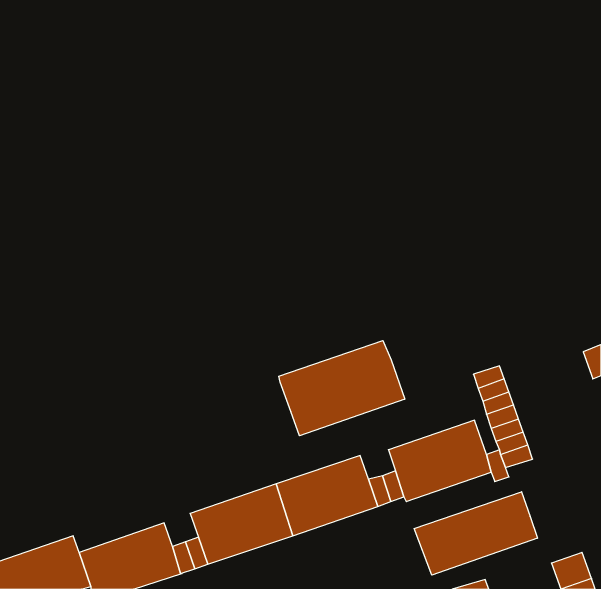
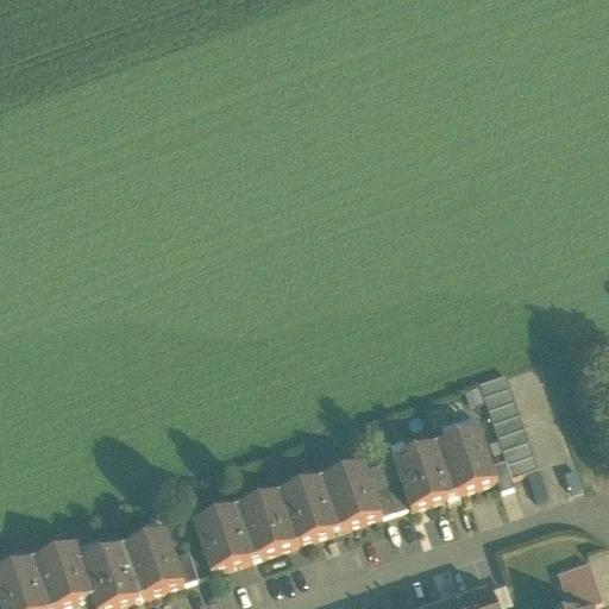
building: [279,341,405,436] -> none
building: [414,492,537,575] -> none

